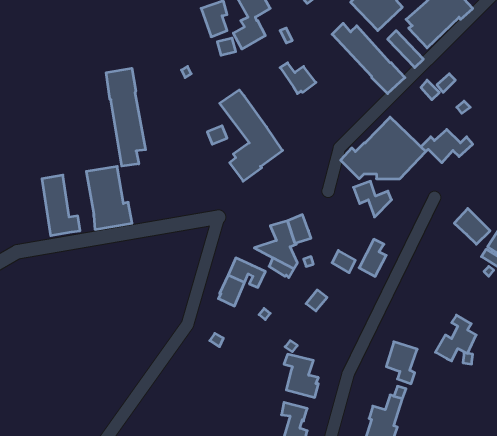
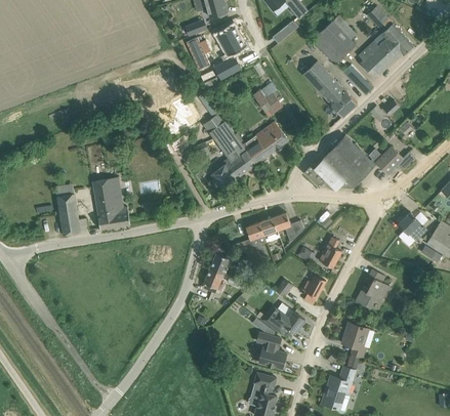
building: [106,68,146,166] -> none
building: none -> [242,121,288,163]
building: [353,181,392,217] -> [272,211,303,241]
building: none -> [302,274,326,305]
building: [435,315,476,361] -> [355,268,388,306]
building: none -> [261,307,304,332]

